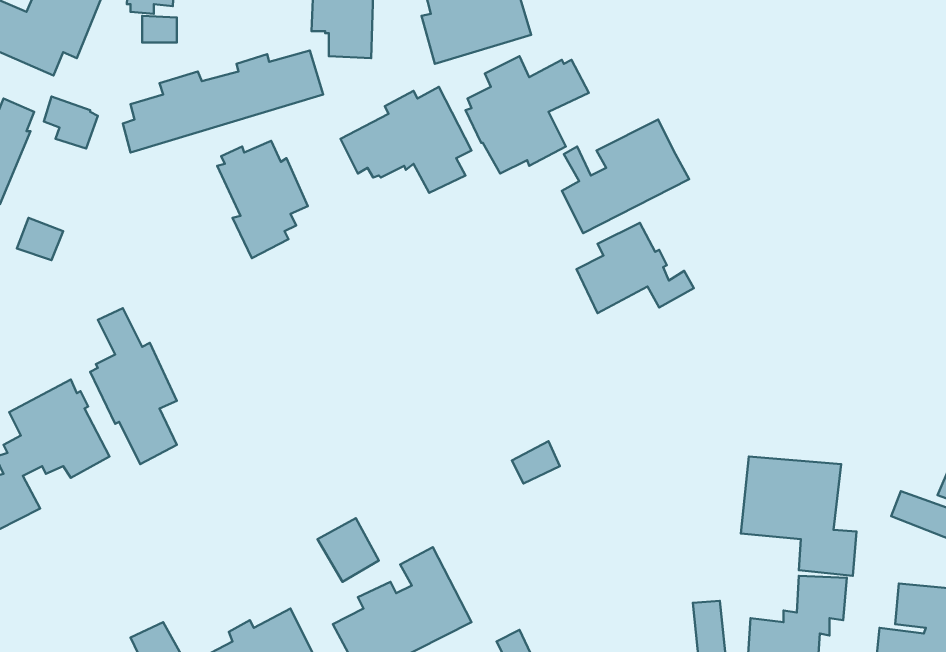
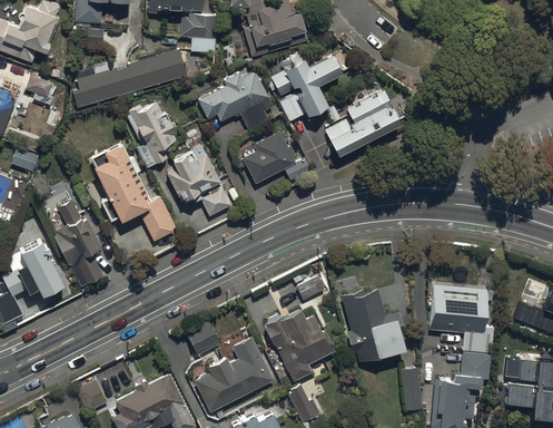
building: none -> [90,142,177,242]
building: none -> [166,145,241,217]
building: [576,223,694,313] -> [244,132,312,184]
building: none -> [342,290,406,362]
building: none -> [264,309,335,382]

